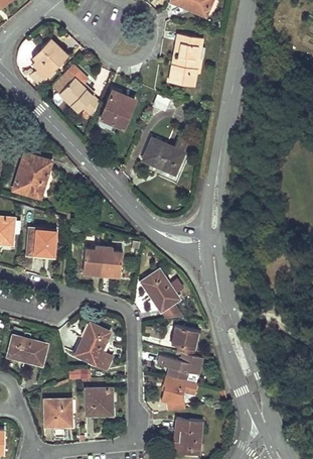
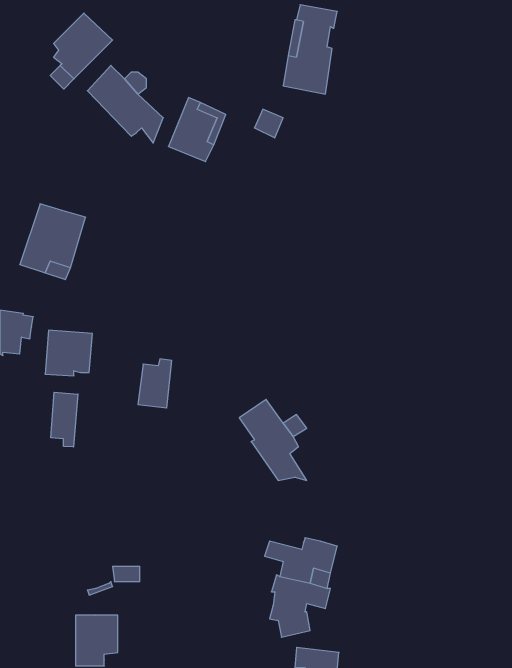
building: [143,138,188,176] -> none
building: [100,247,123,277] -> none
building: none -> [51,392,78,447]
building: [75,324,112,369] -> none
building: [171,326,196,355] -> none
building: [8,335,46,365] -> none
building: [86,388,112,416] -> none

